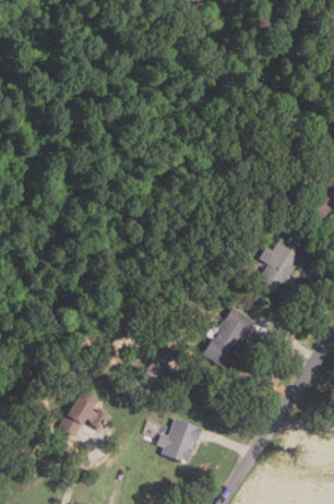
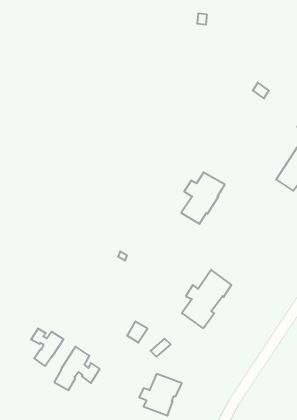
building: [255,238,302,293] -> [181,172,225,224]
building: none -> [31,328,63,366]

